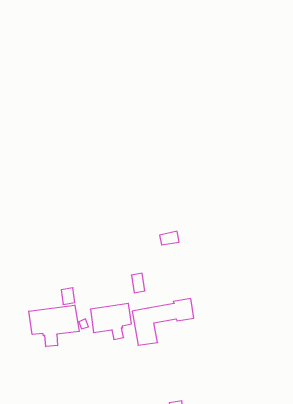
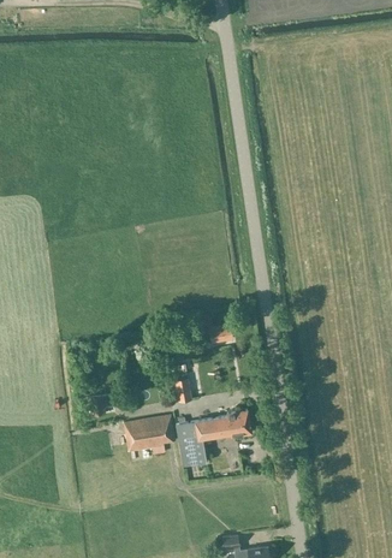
building: [29,305,79,347] -> none

